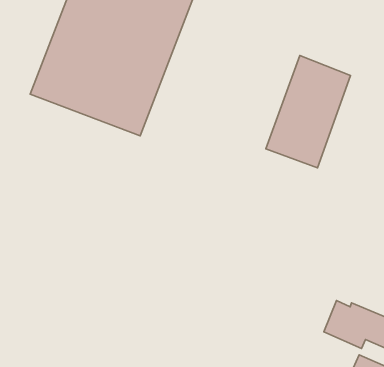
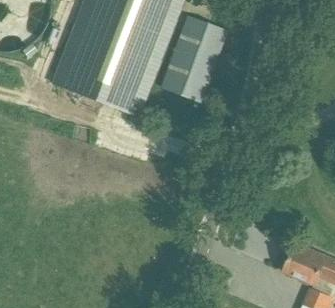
building: [266,55,350,168] -> [159,16,226,105]

